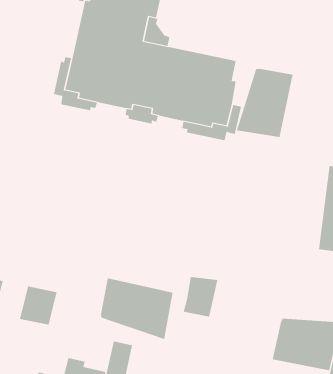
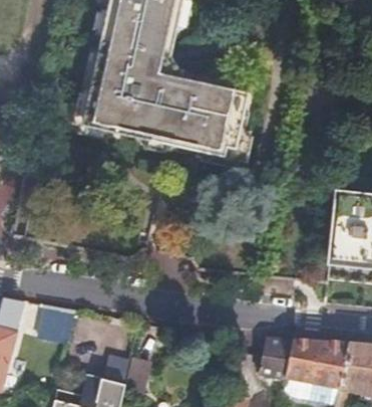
building: [236,68,293,138] -> none
building: [183,277,218,317] -> [258,338,292,377]
building: [101,278,173,340] -> none

